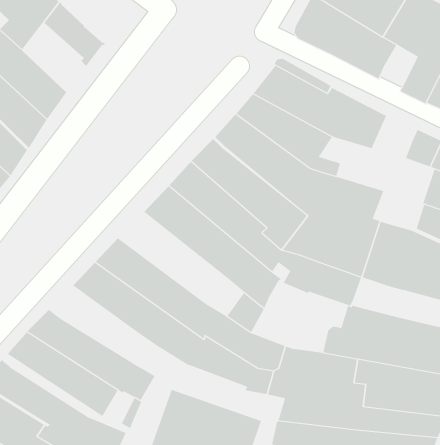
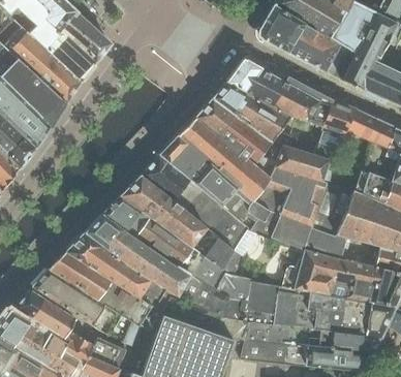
building: none -> [44,27,95,82]
building: none -> [318,100,354,148]
building: none -> [120,176,206,248]
building: none -> [305,227,345,255]
building: none -> [65,233,250,341]

